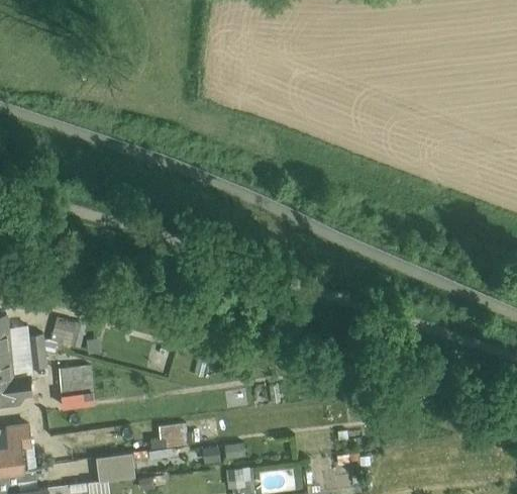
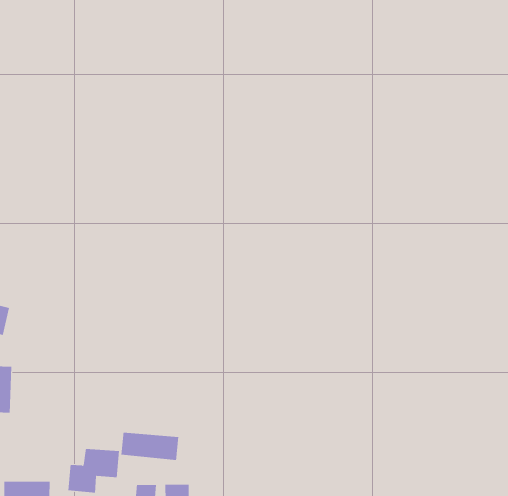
building: none -> [121,432,179,461]

